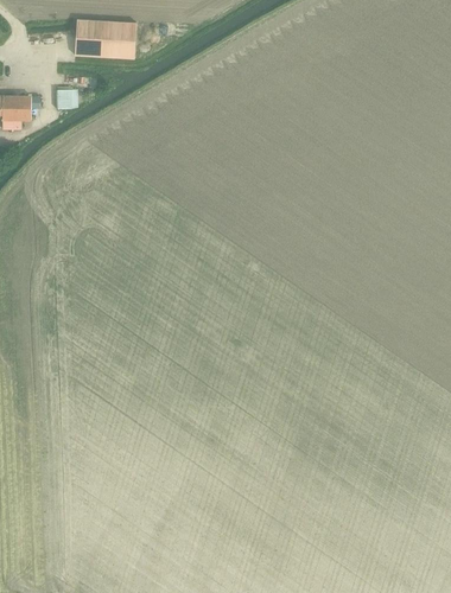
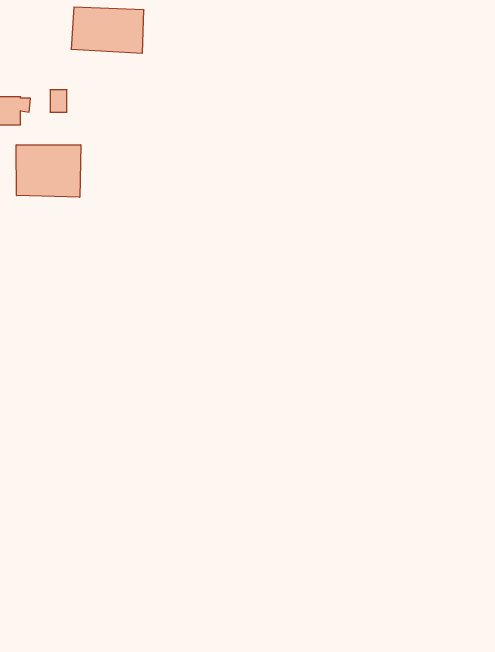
building: none -> [16,145,81,197]

